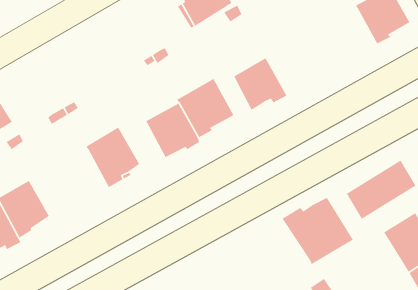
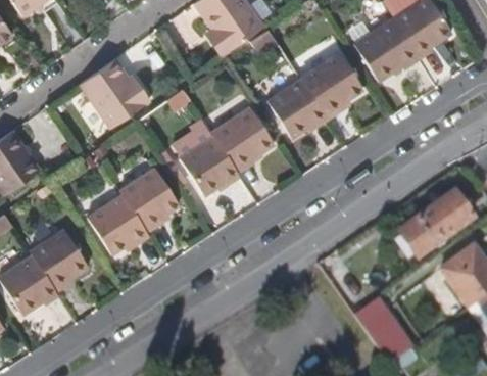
building: none -> [353,20,418,82]
building: none -> [80,59,150,129]
building: none -> [300,54,362,121]
building: none -> [87,192,150,253]
building: [282,197,354,265] -> none

